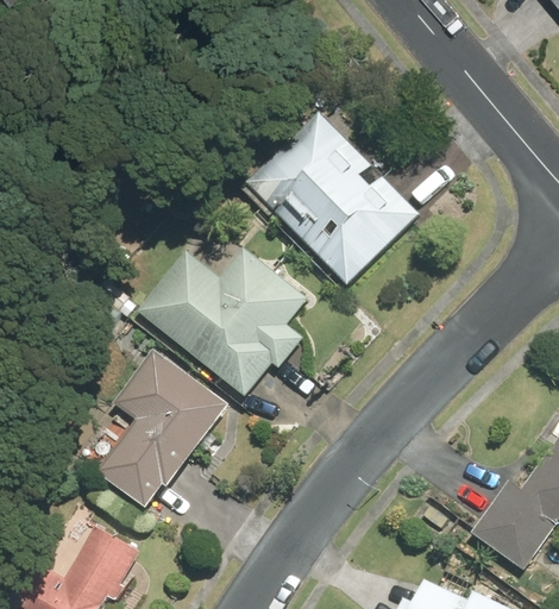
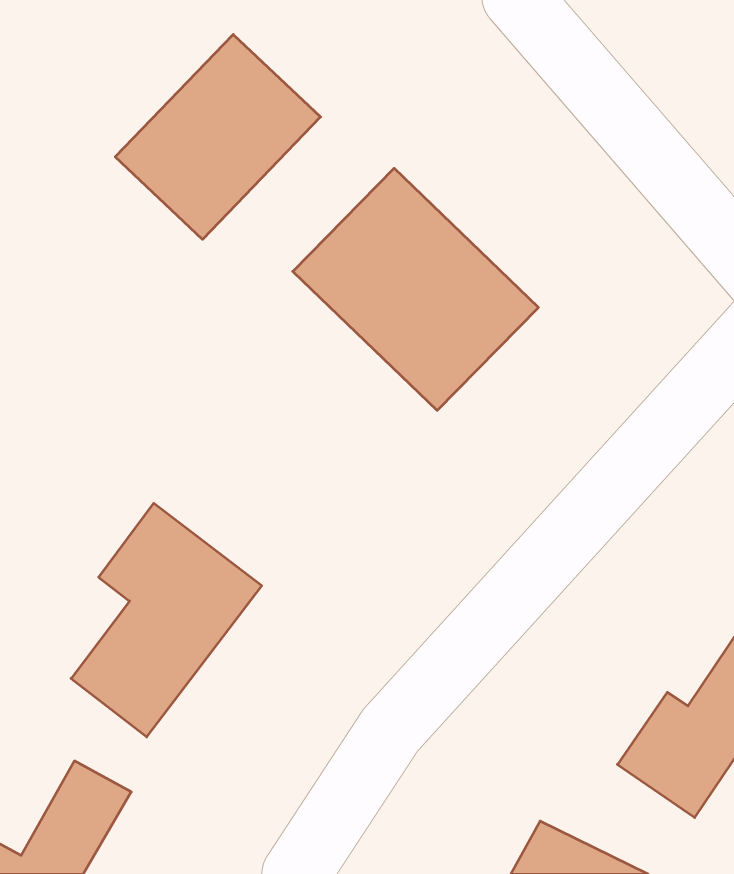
building: none -> [115,34,321,239]
building: [139,245,313,390] -> none

